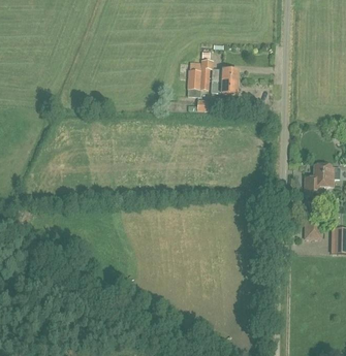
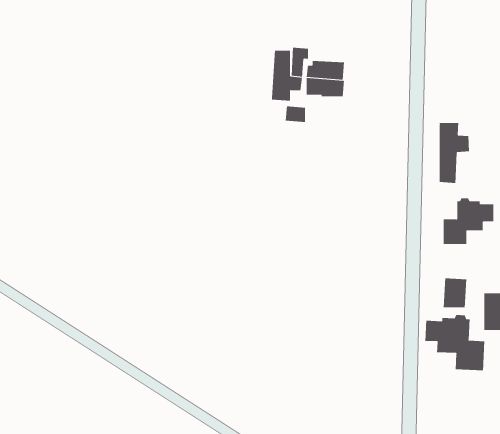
building: none -> [439,122,469,184]
building: none -> [425,314,485,371]

